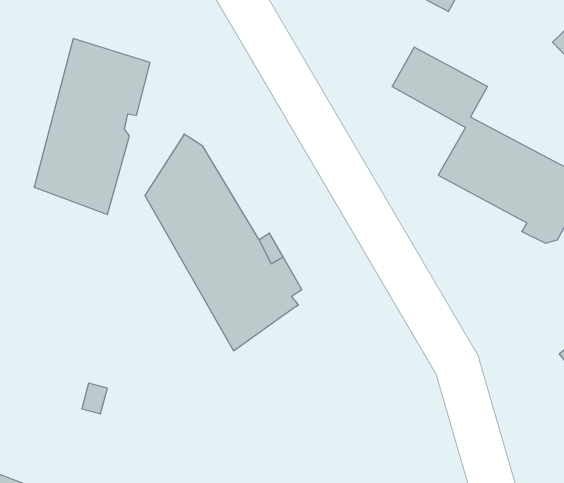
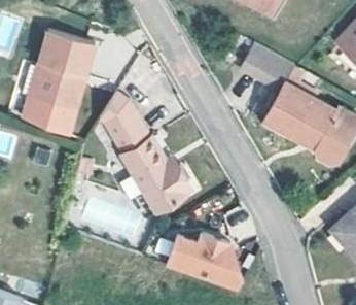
building: none -> [163,235,241,291]

